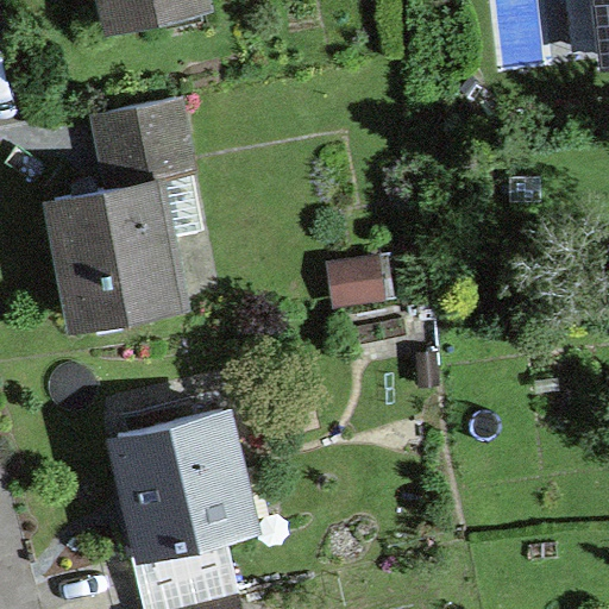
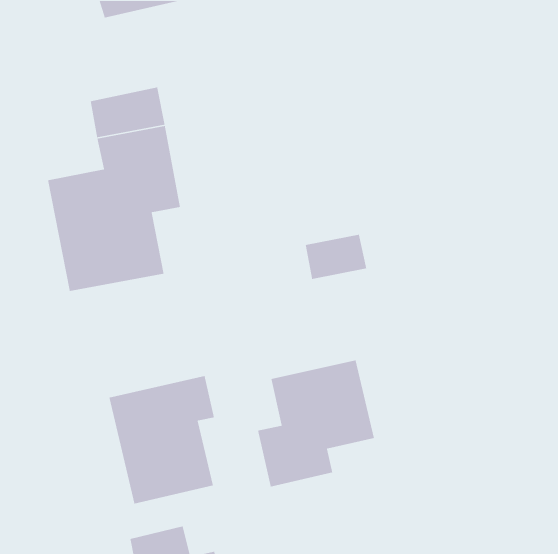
building: none -> [257,360,375,488]

